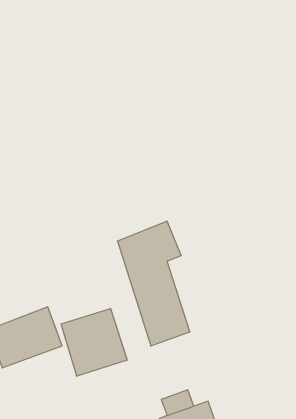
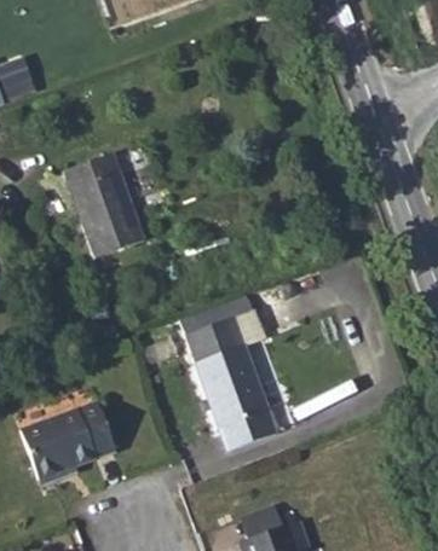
building: none -> [63,152,144,256]
building: [61,308,127,376] -> none

